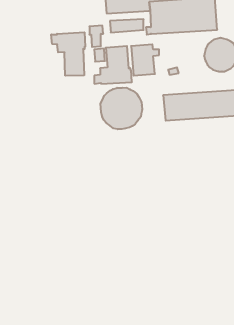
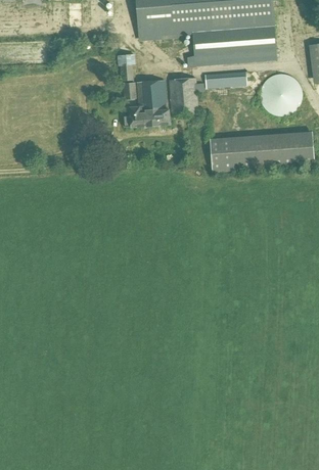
building: [110,19,144,32] -> [204,72,246,88]
building: [51,32,85,76] -> none
building: [101,88,142,129] -> none

